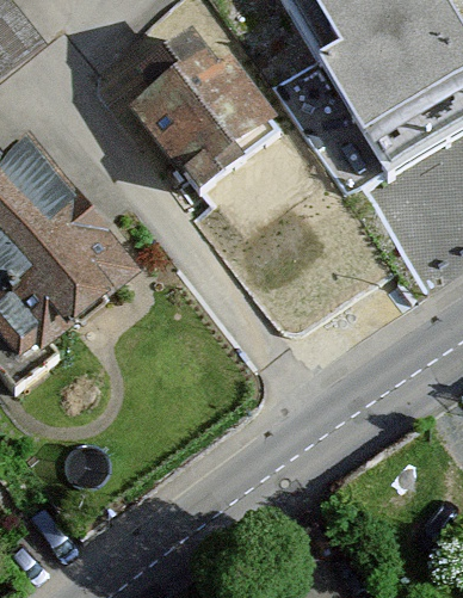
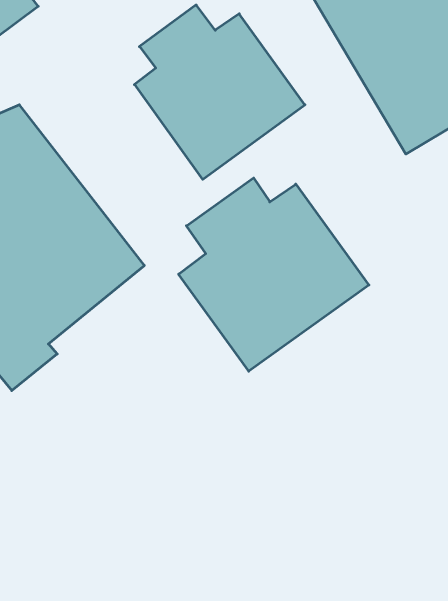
building: none -> [179,178,369,371]

